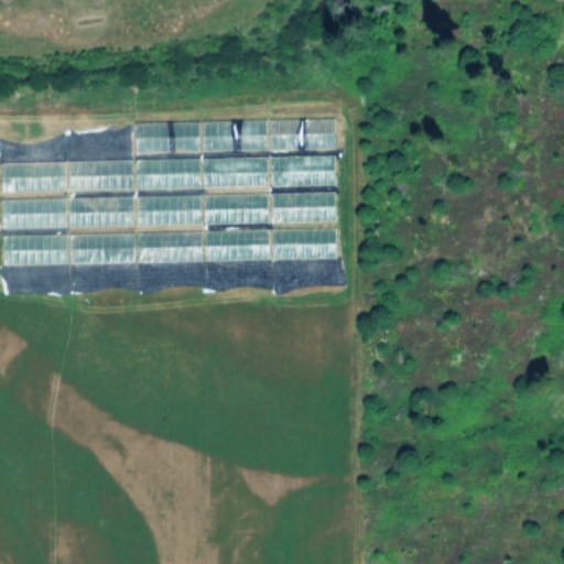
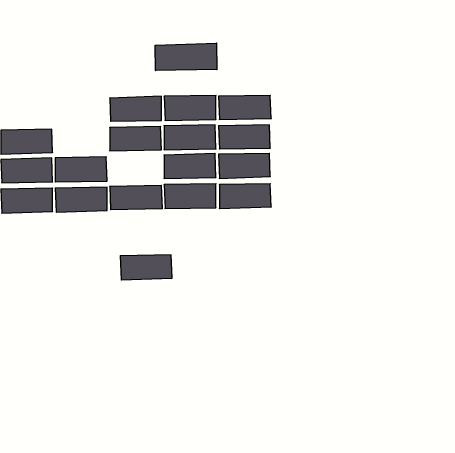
building: none -> [155,43,217,71]
building: [68,162,133,193] -> none
building: [137,195,200,226] -> [120,255,172,280]

